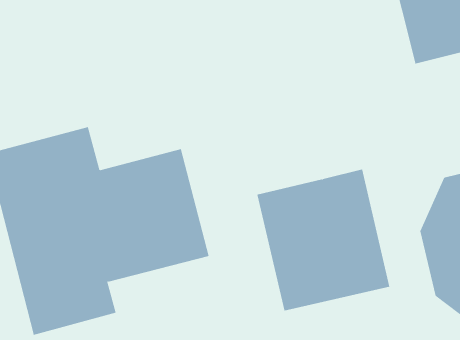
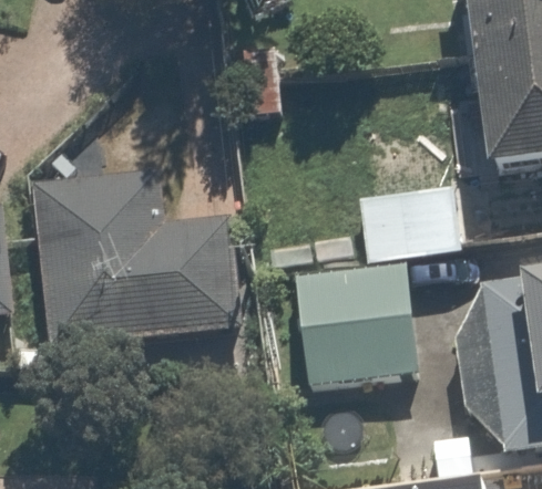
building: none -> [360,181,460,264]

